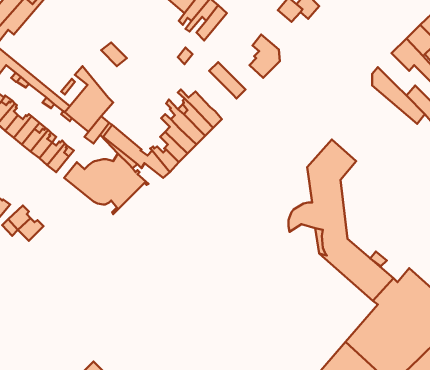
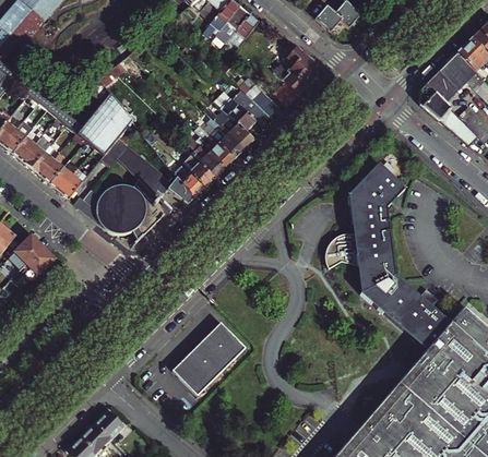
building: none -> [427,68,462,103]
building: none -> [213,92,265,132]
building: none -> [172,322,246,395]

